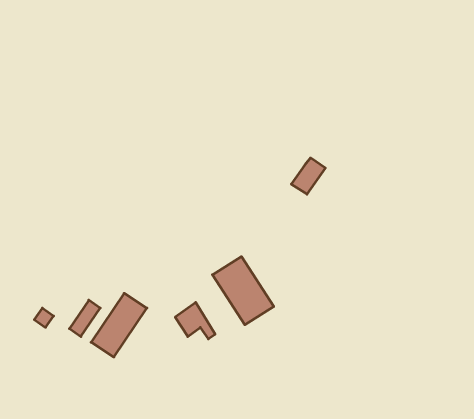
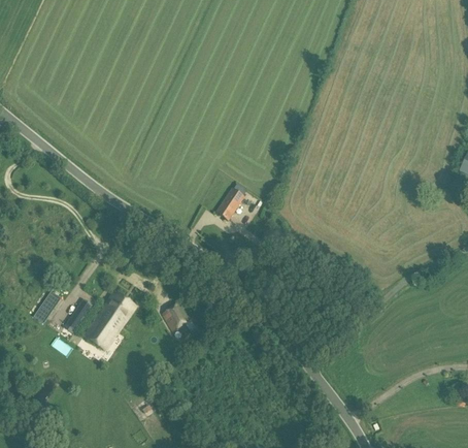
building: [291,158,325,194] -> [214,188,245,221]
building: [212,257,274,325] -> none

